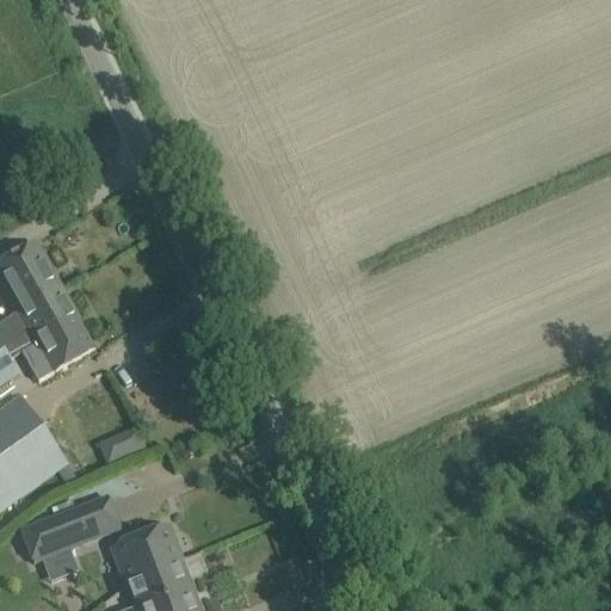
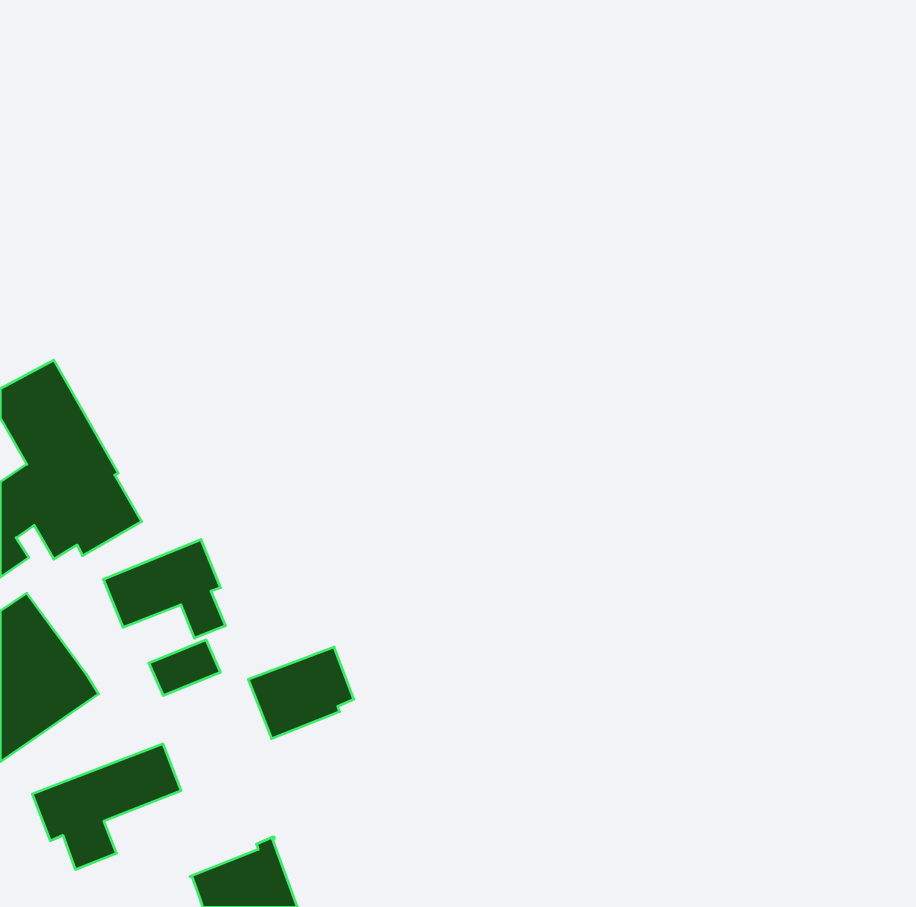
building: none -> [103,539,225,638]
building: [111,523,181,584] -> [248,647,354,739]

